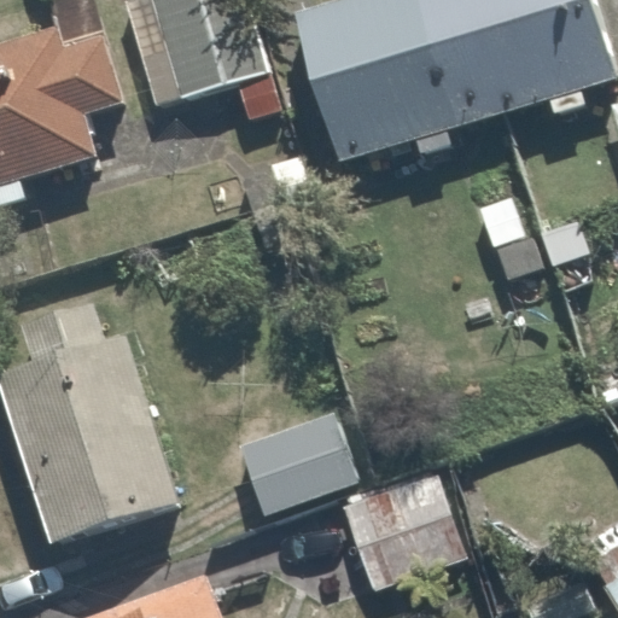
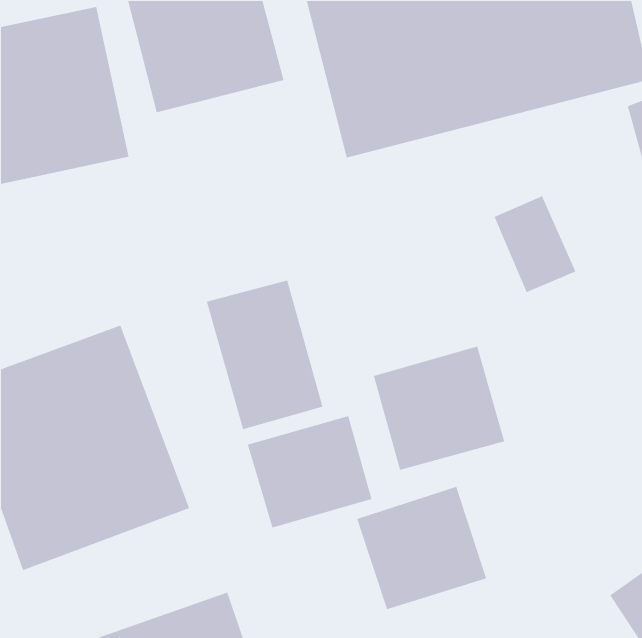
building: none -> [206,280,324,430]
building: none -> [373,346,505,471]

